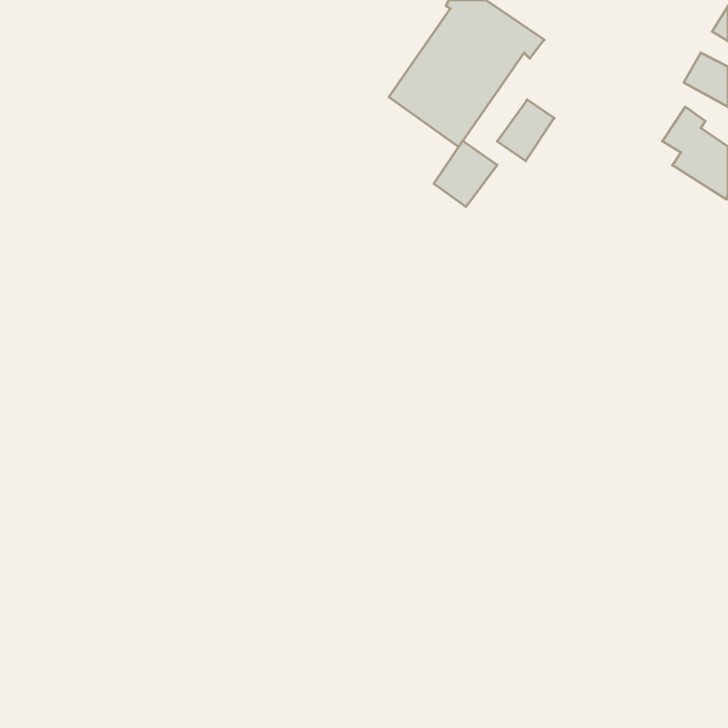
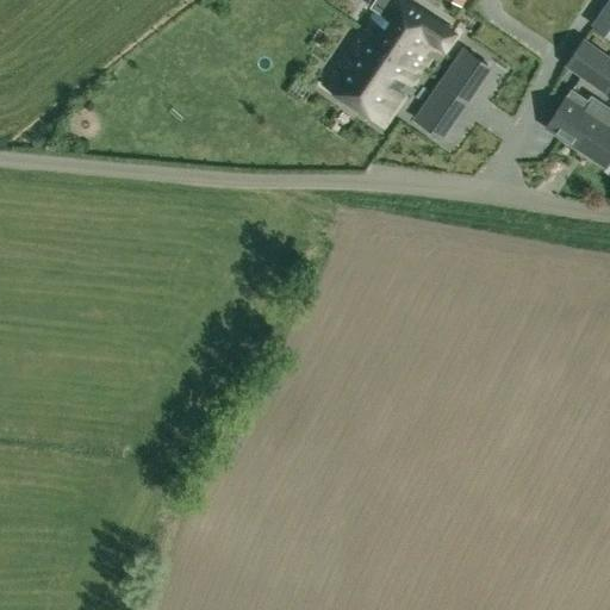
building: none -> [441,48,488,99]
building: [434,141,497,207] -> none

